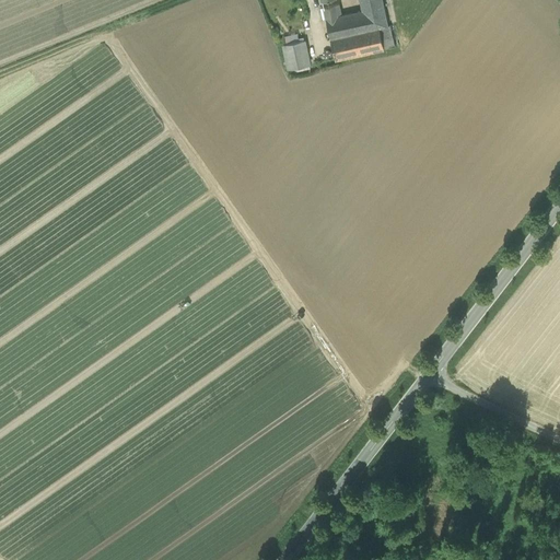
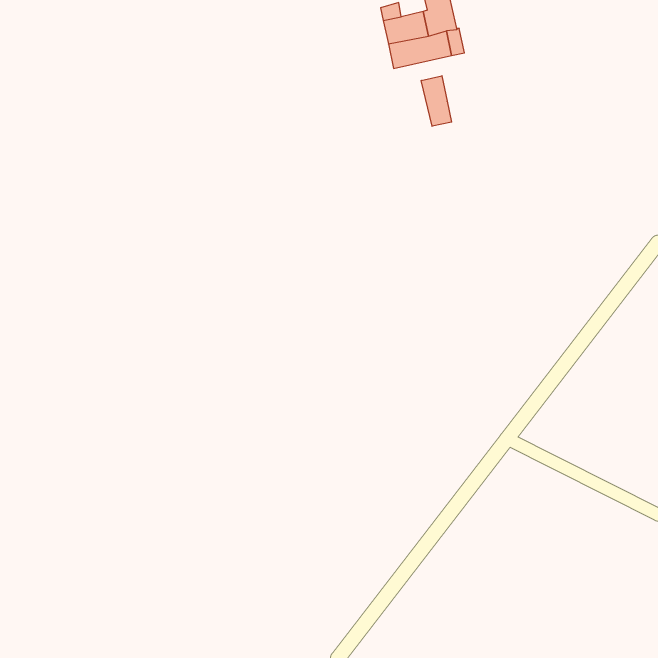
building: [282,38,308,69] -> none
building: none -> [421,76,452,126]

